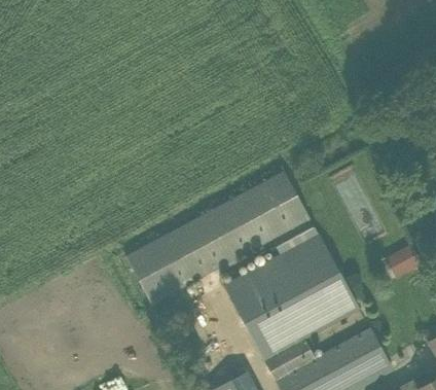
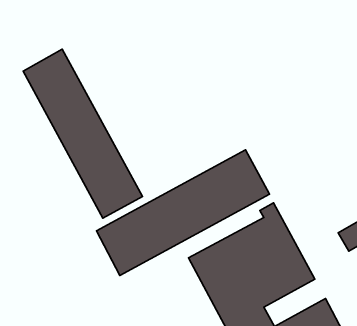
building: none -> [23,49,143,218]

